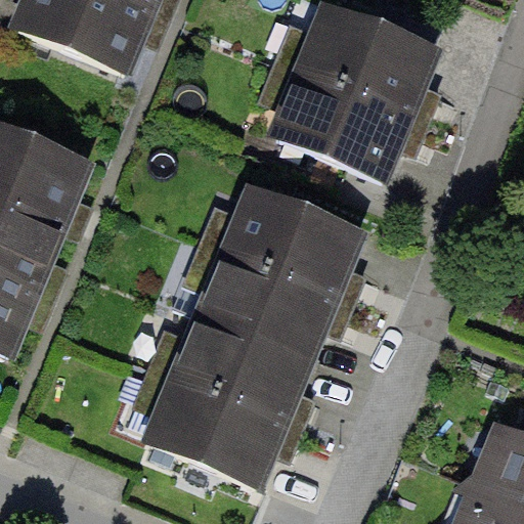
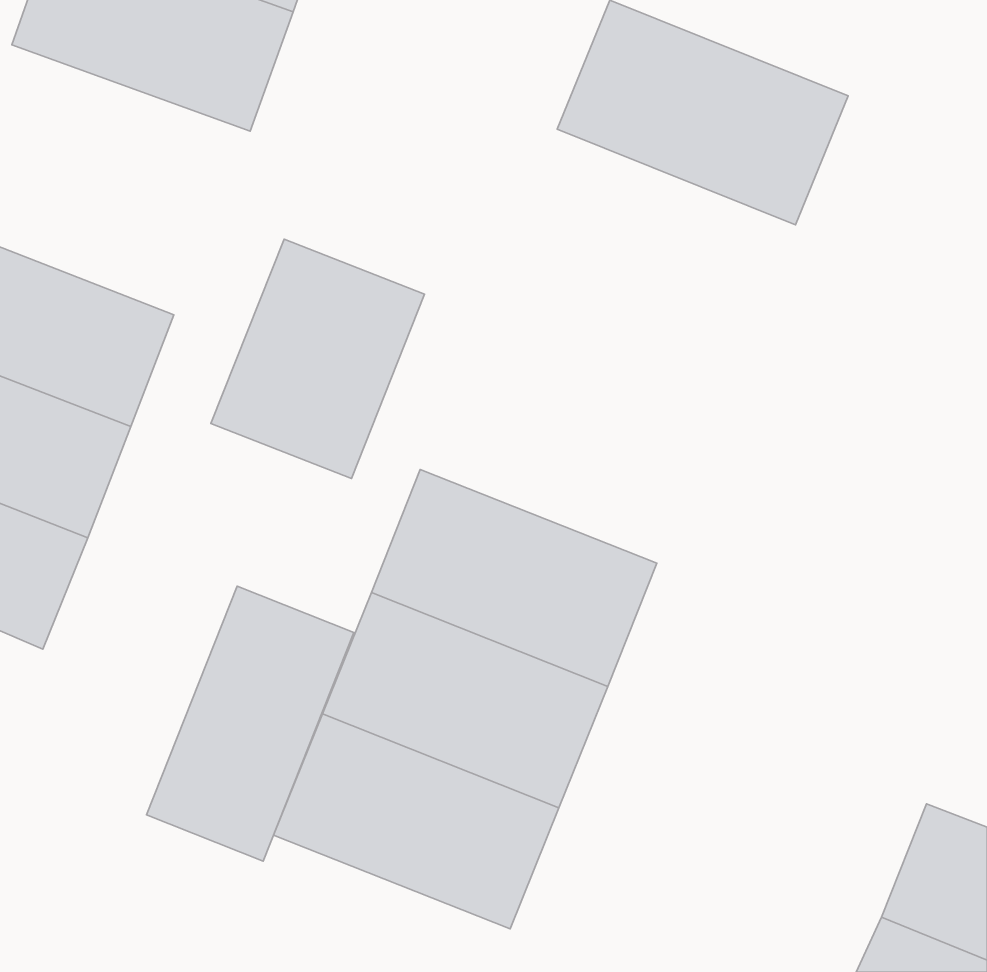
building: [265,68,417,185] -> none
building: none -> [211,239,424,479]
building: [220,179,370,295] -> none
building: none -> [147,586,354,861]

